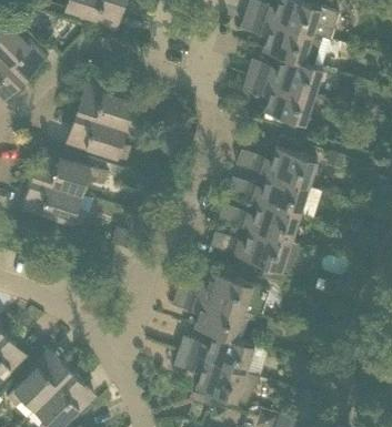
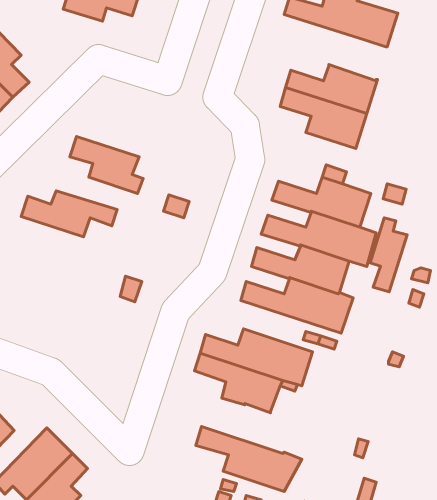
building: [240,14,329,69] -> none
building: [76,92,143,131] -> none
building: [26,180,86,226] -> none
building: none -> [370,218,407,292]
building: [178,333,254,374] -> none

